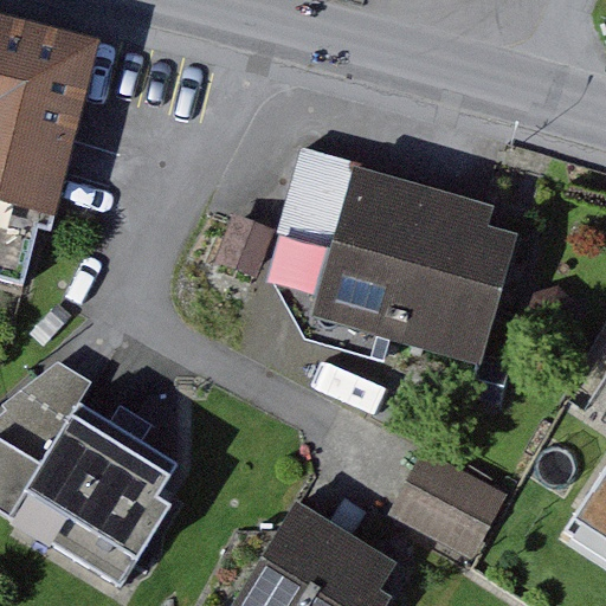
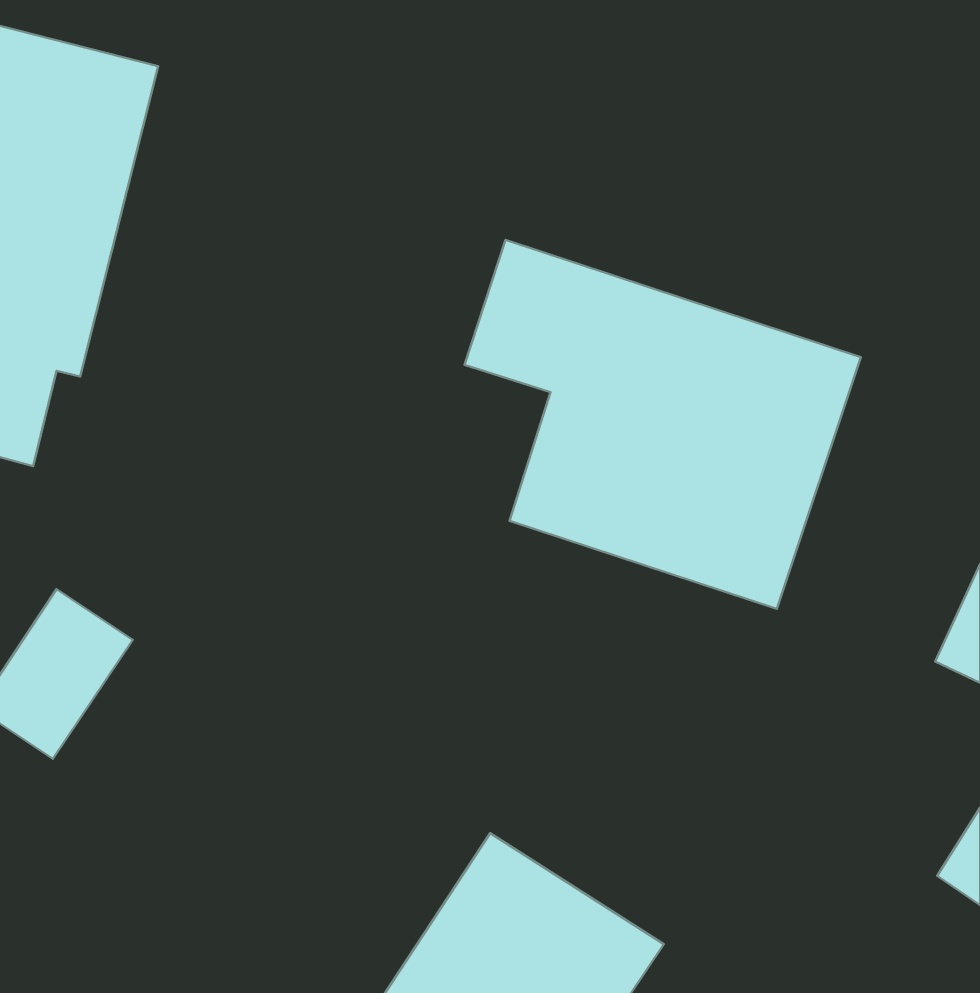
building: [24,408,182,570] -> none
building: [395,450,509,556] -> none

